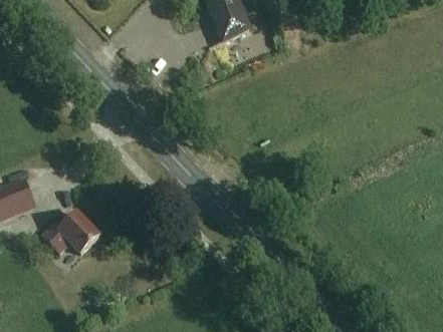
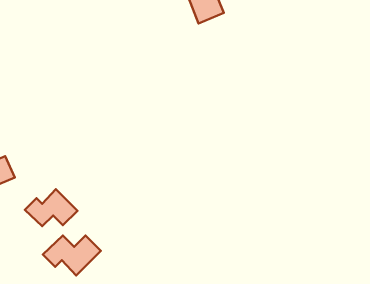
building: none -> [43,235,101,276]

